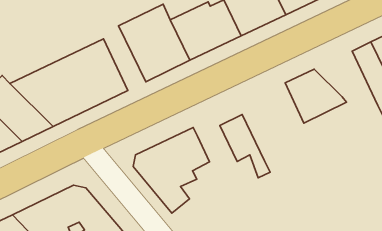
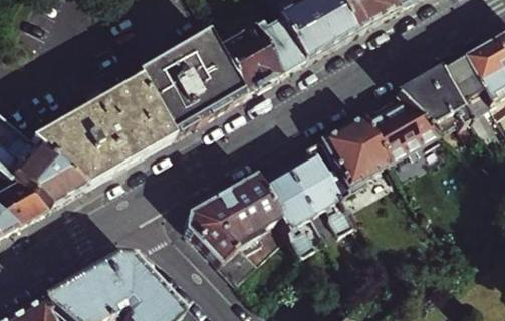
building: none -> [133,59,191,136]
building: none -> [394,69,474,138]
building: none -> [304,113,386,210]
building: none -> [258,171,310,253]

